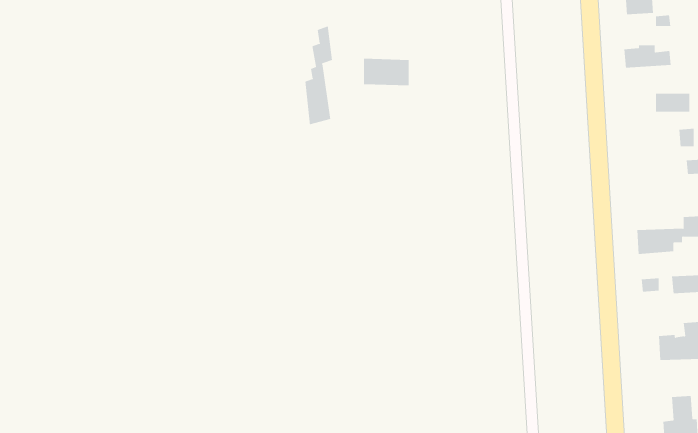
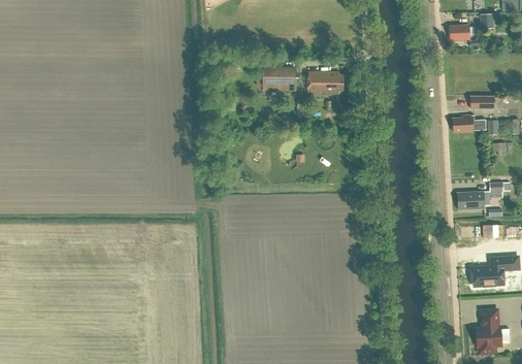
building: [305,26,333,125] -> none
building: [624,45,672,68] -> [452,114,486,131]
building: none -> [307,71,342,94]

